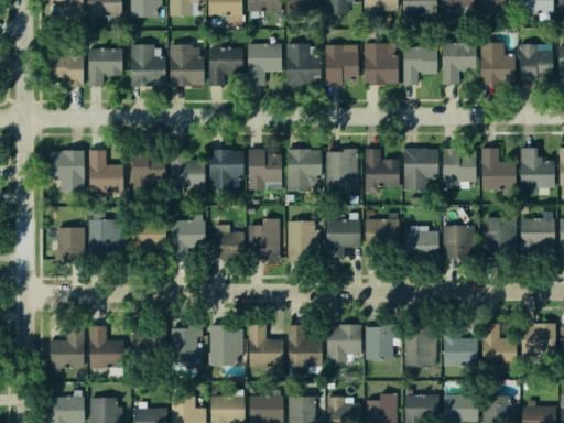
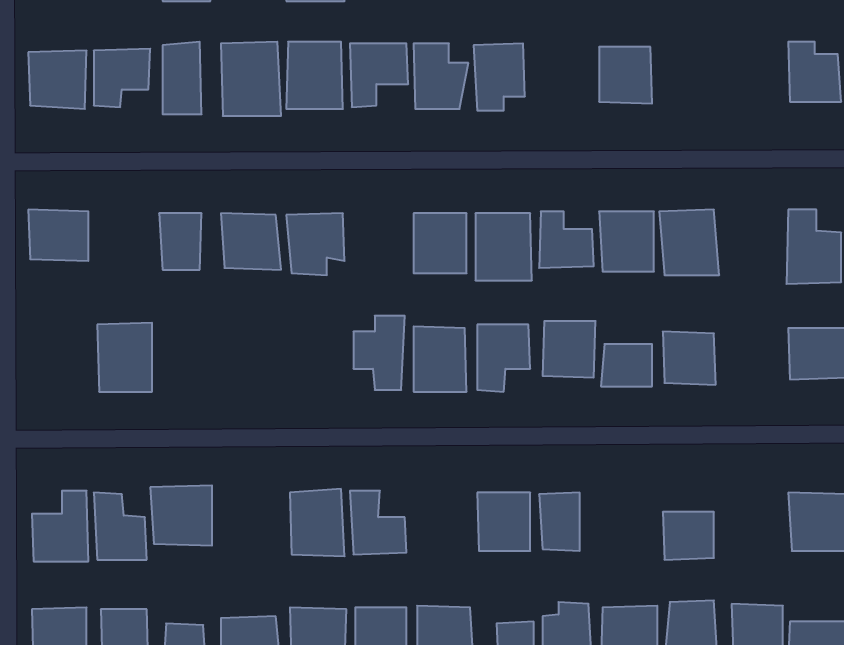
building: [365,41,397,79] -> none
building: [480,42,513,86] -> none
building: [442,45,476,85] -> none
building: [88,148,126,187] -> none
building: [480,148,514,189] -> none
building: [249,150,282,189] -> none
building: [485,218,512,257] -> none
building: [133,219,163,258] -> none
building: [171,219,206,260] -> none
building: [214,220,236,257] -> none
building: [56,227,85,262] -> none
building: [285,323,324,362] -> none
building: [403,324,440,367] -> none
building: [481,324,512,366] -> none
building: [169,327,202,368] -> none

